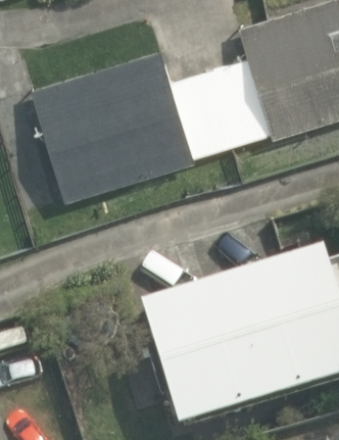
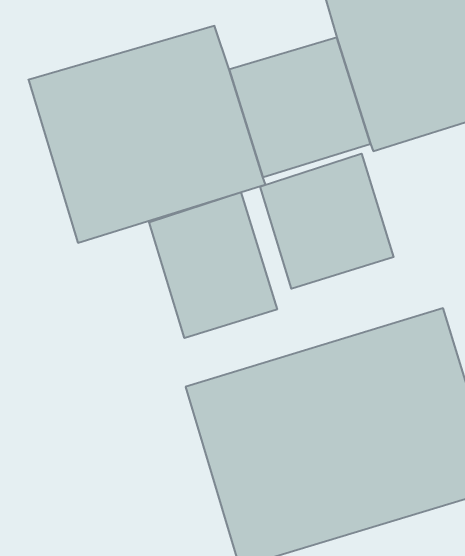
building: none -> [260,154,394,289]
building: none -> [149,192,277,338]

